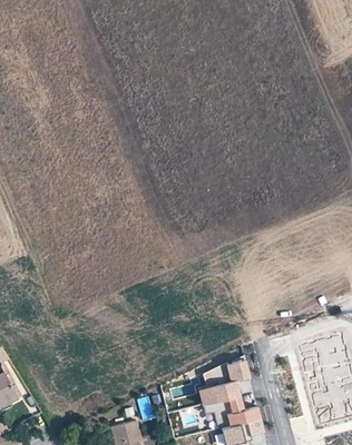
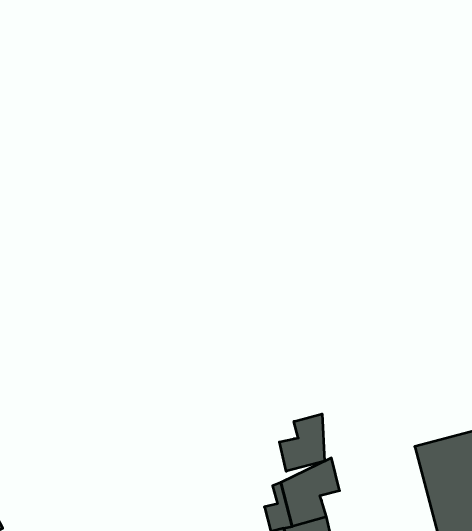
building: none -> [279,414,325,471]

